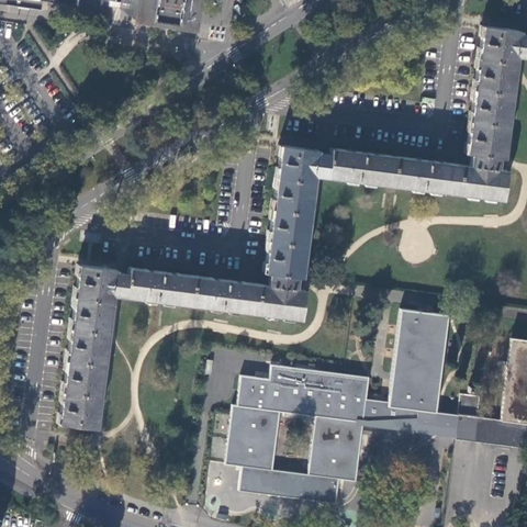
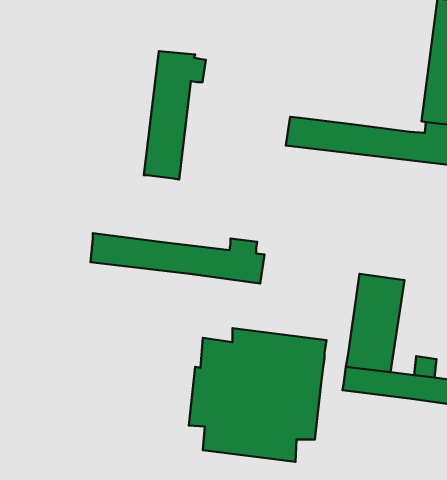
building: [269,147,333,279] -> [144,51,206,180]
building: [61,266,131,429] -> none
building: [366,392,393,425] -> none

